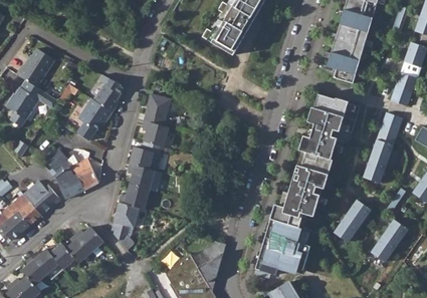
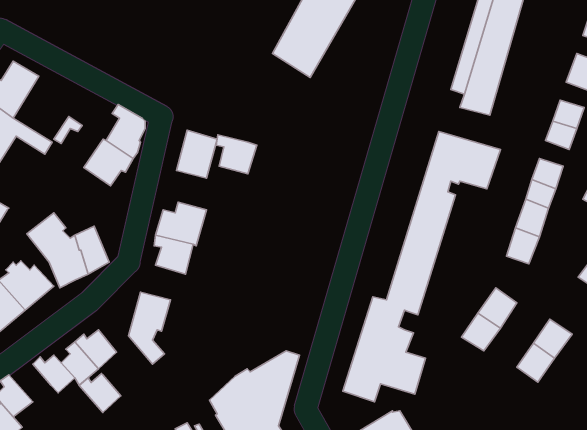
building: [143,120,170,146] -> [216,135,257,174]
building: [120,184,150,209] -> none
building: [31,249,59,275] -> [79,373,121,412]

